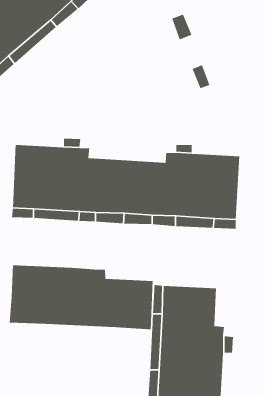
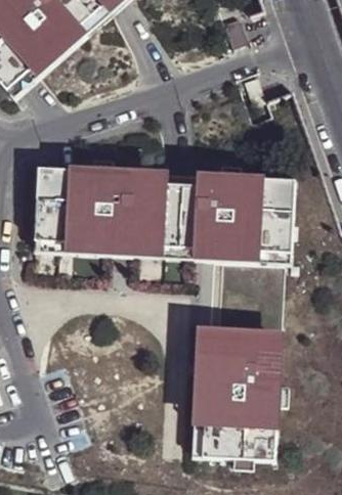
building: [9,265,154,330] -> none

